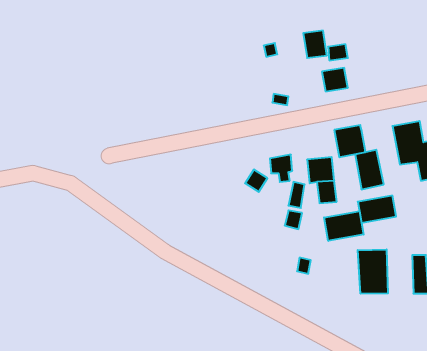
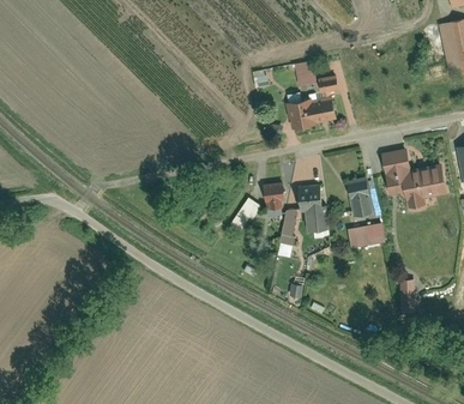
building: [334,125,365,157] -> [288,97,318,128]
building: [324,211,364,241] -> none
building: [358,249,388,294] -> none

